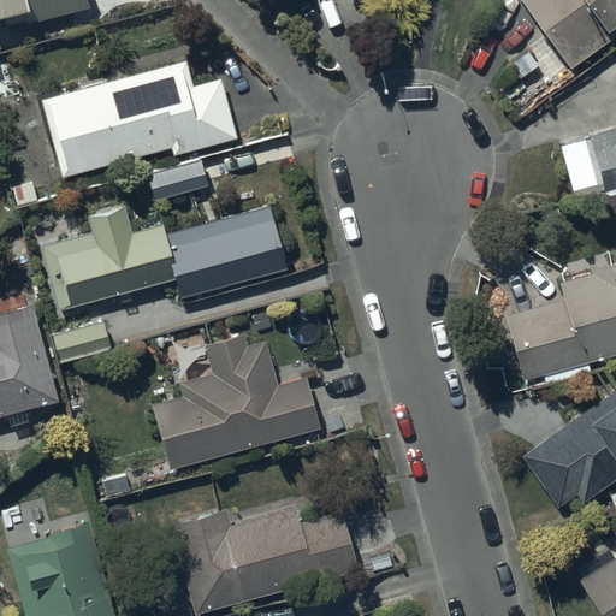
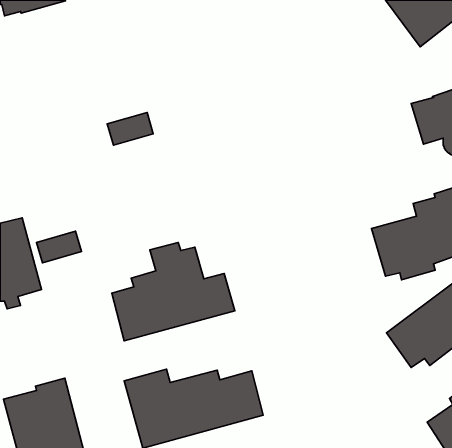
building: [41,61,237,178] -> none
building: [40,206,289,313] -> none

